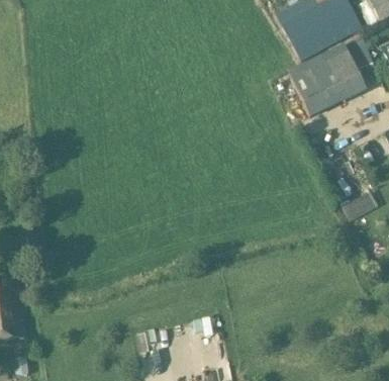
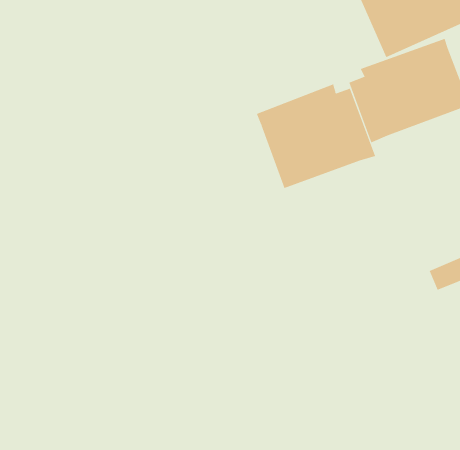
building: none -> [256,83,376,189]

